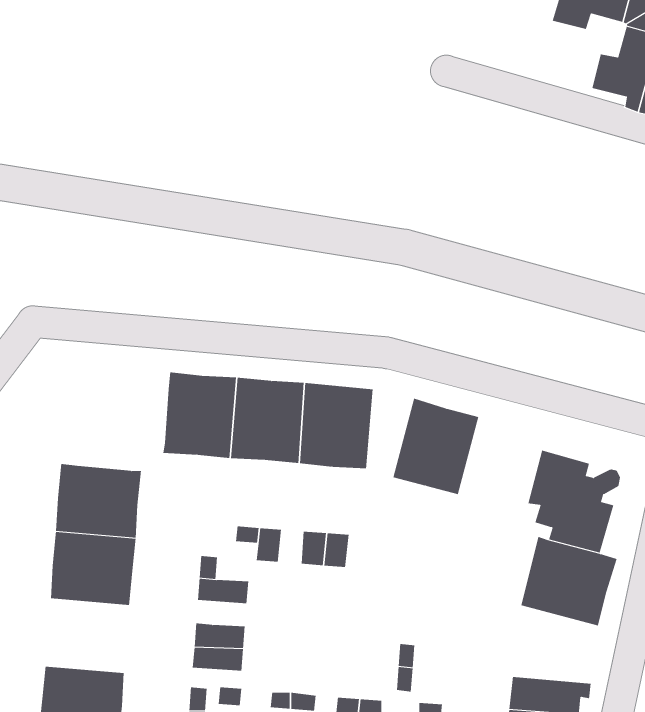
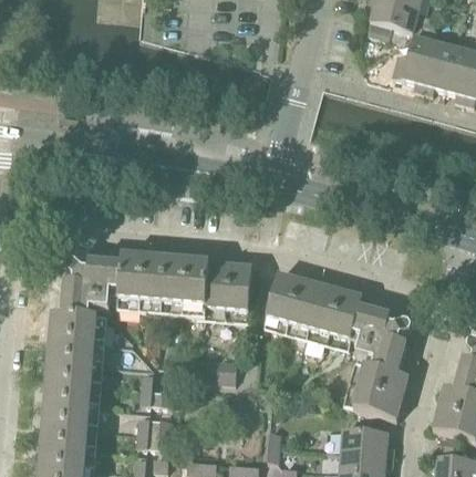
building: none -> [63,261,121,318]
building: none -> [307,283,363,344]
building: none -> [42,400,96,447]
building: none -> [341,426,393,454]

